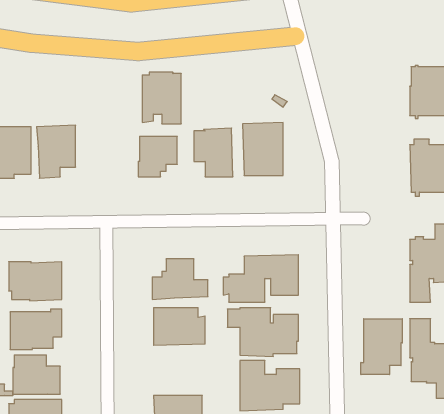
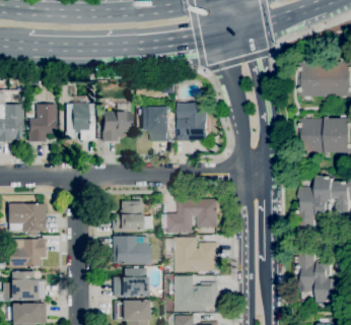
building: [142,72,181,124] -> [66,103,94,140]
building: [361,319,402,375] -> none
building: none -> [113,268,148,298]

